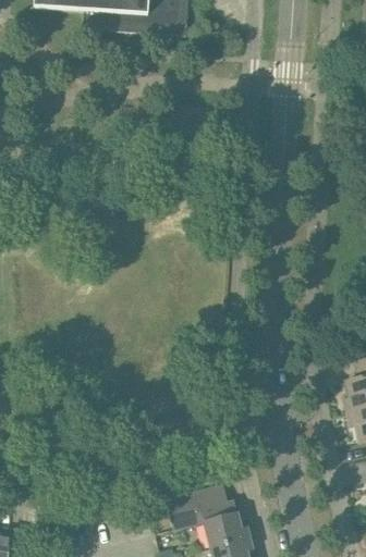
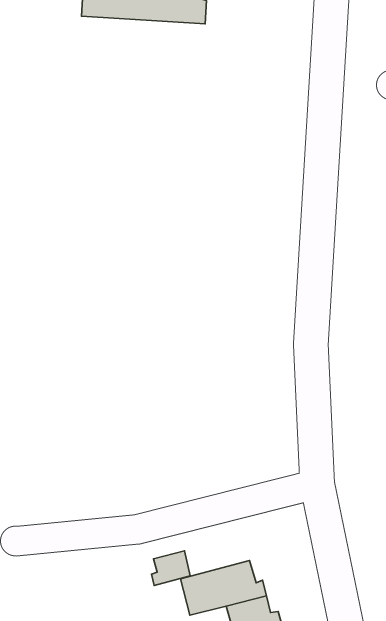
building: none -> [151,551,190,585]

